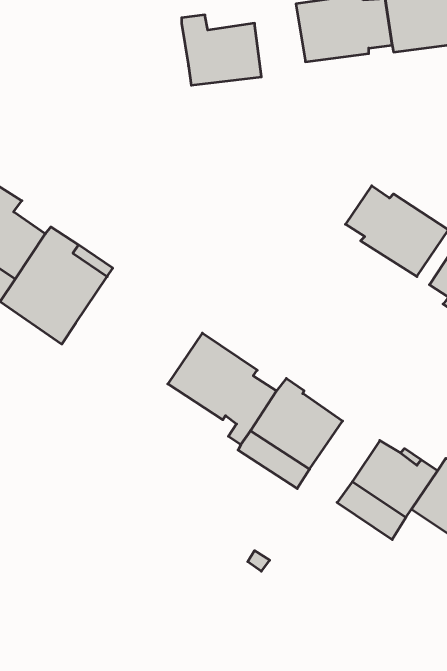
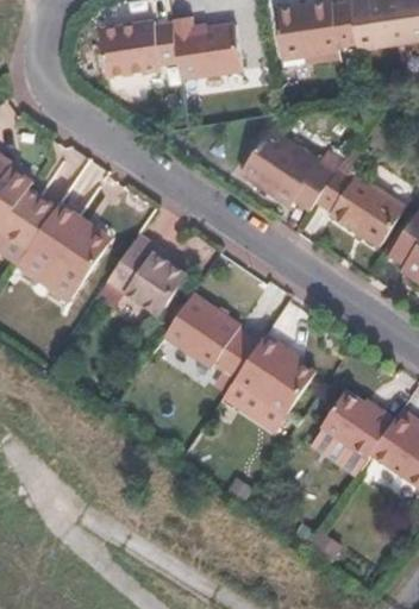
building: none -> [100,23,179,79]
building: none -> [239,131,340,209]
building: none -> [106,233,187,314]

